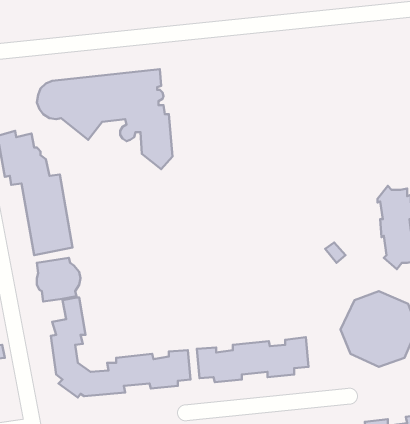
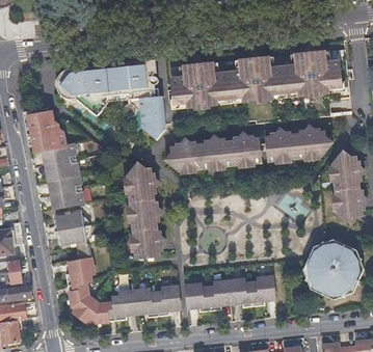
building: none -> [171,50,341,108]
building: none -> [266,127,330,162]
building: none -> [169,134,261,171]
building: none -> [128,167,166,260]

